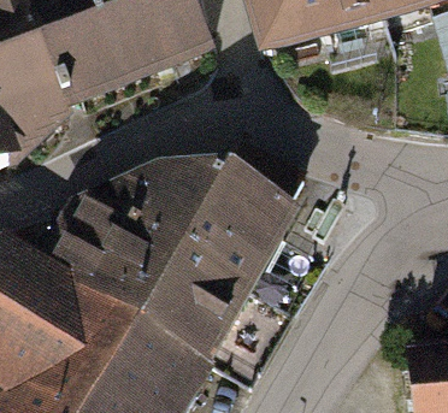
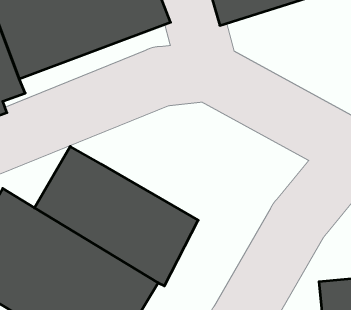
building: [131,158,303,289] -> none

